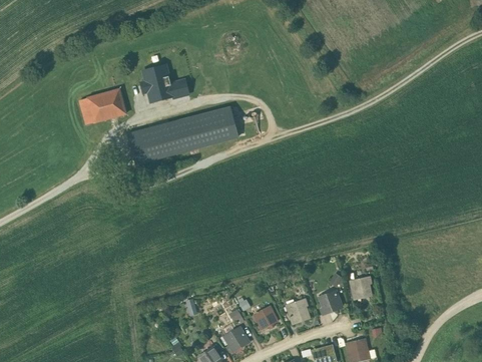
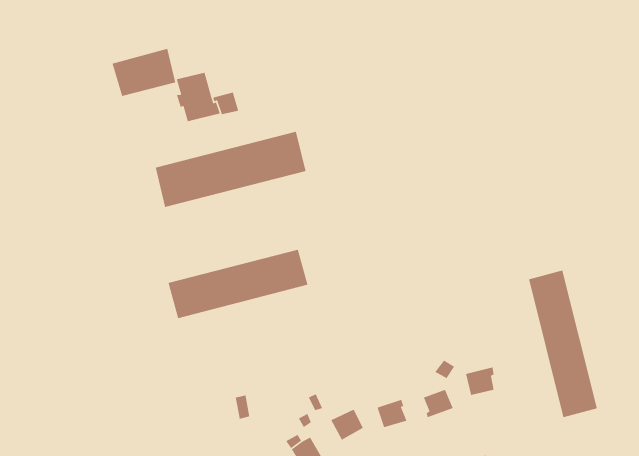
building: [79,88,125,123] -> [112,48,176,97]
building: none -> [167,249,308,319]
building: none -> [528,270,598,418]

